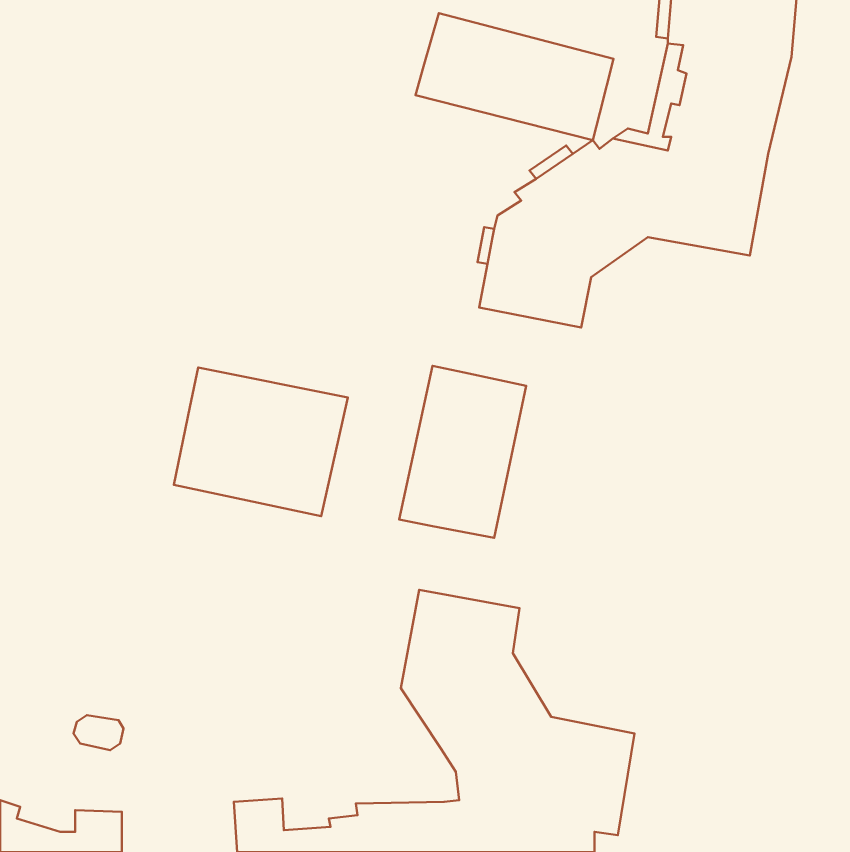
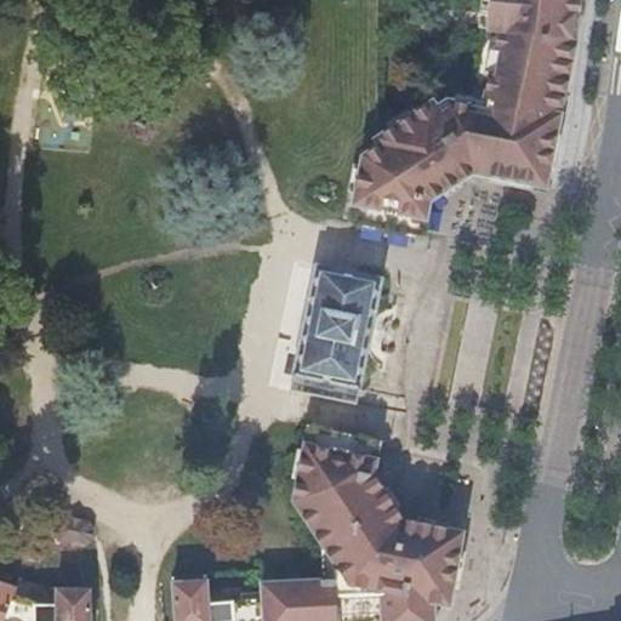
building: [416,13,614,140] -> none
building: [174,367,348,516] -> none

